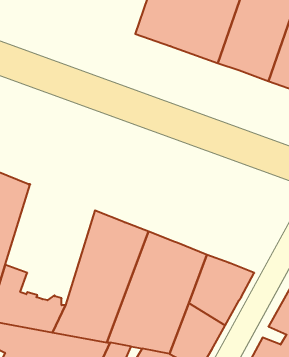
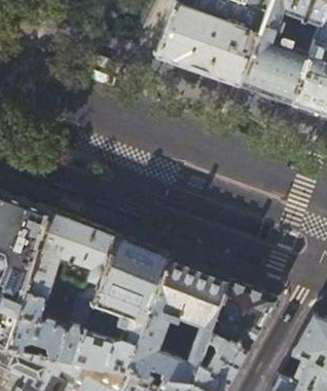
building: none -> [22,210,113,334]

